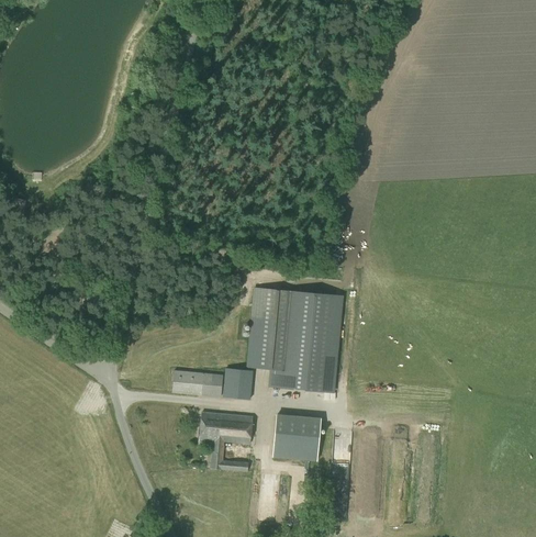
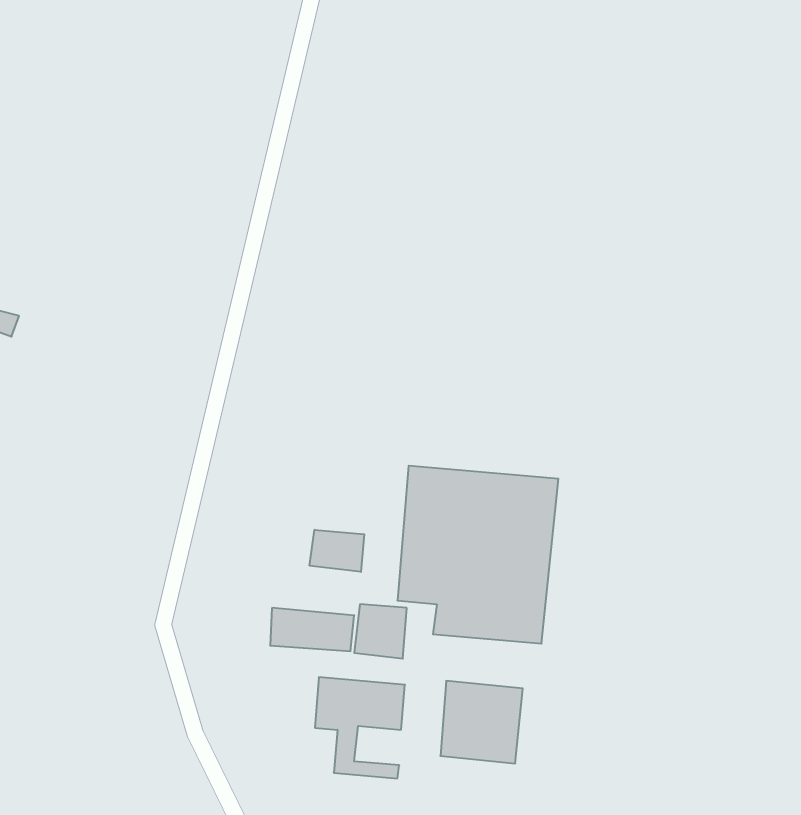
building: none -> [310,530,364,572]

